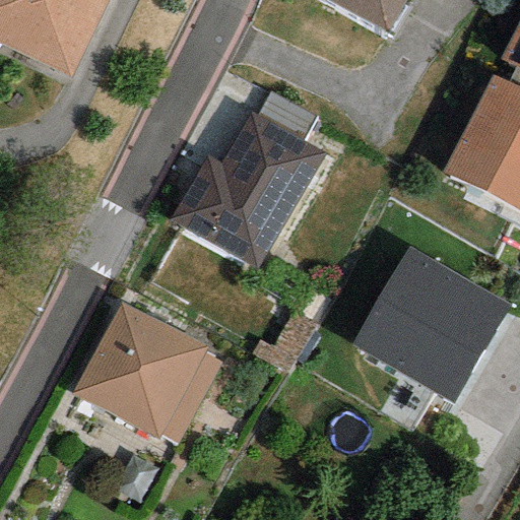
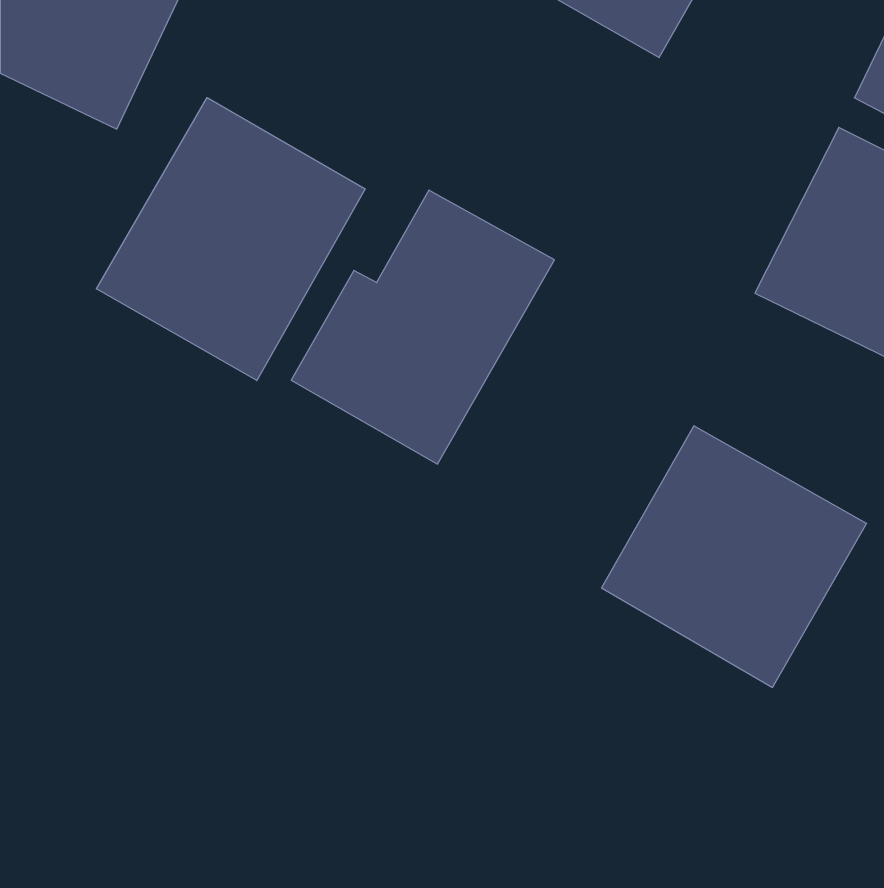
building: none -> [96,98,365,381]
building: [73,301,221,443] -> none

